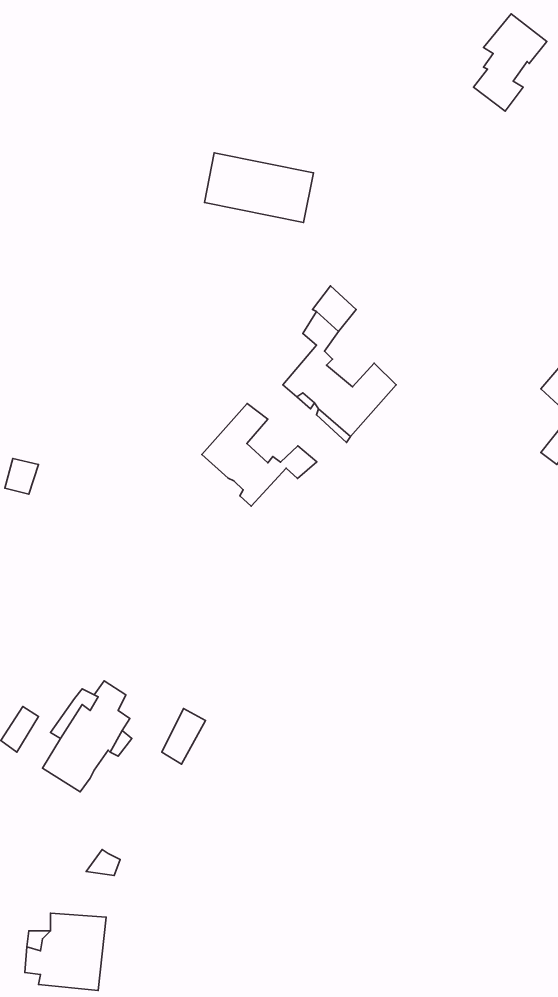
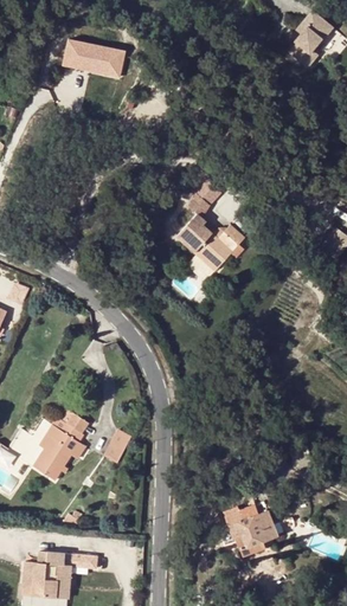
building: [204,153,314,222] -> [66,34,131,76]
building: [202,403,317,506] -> none
building: none -> [223,503,277,556]

